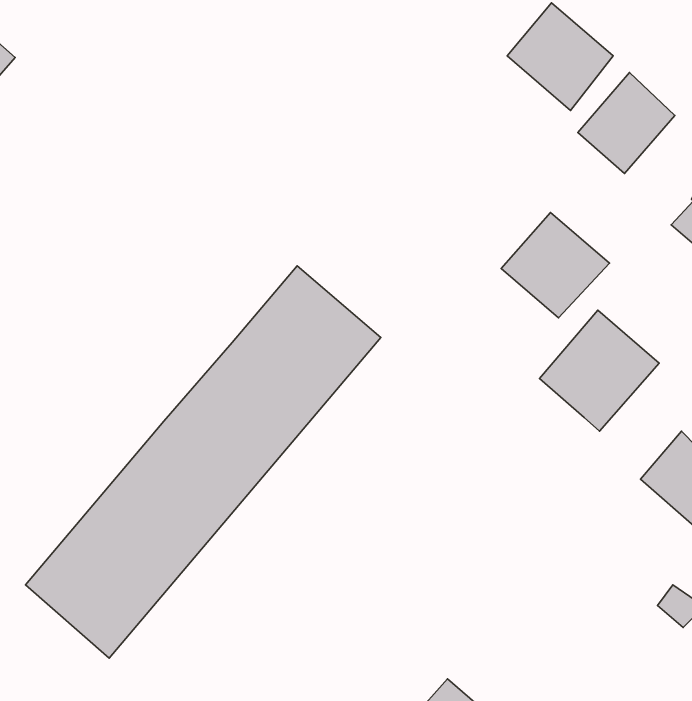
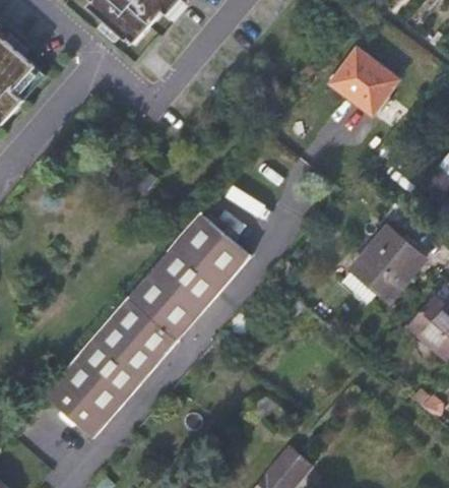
building: [578,72,675,174] -> none
building: [501,212,610,318] -> none

